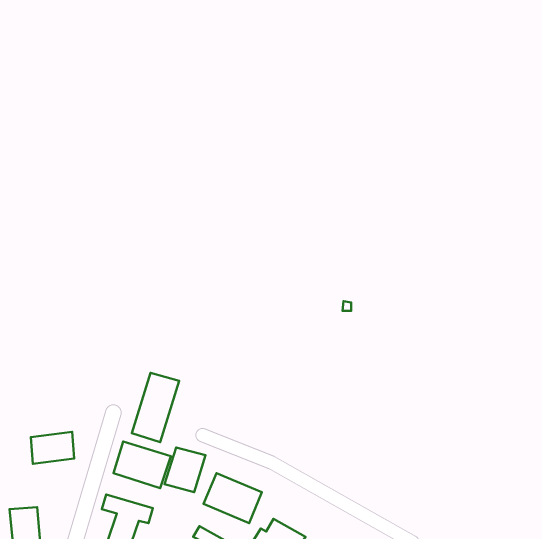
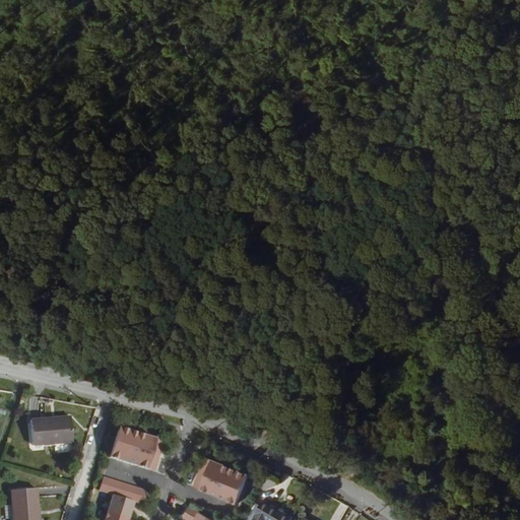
building: [132,373,179,442] -> none
building: [165,447,206,492] -> none

